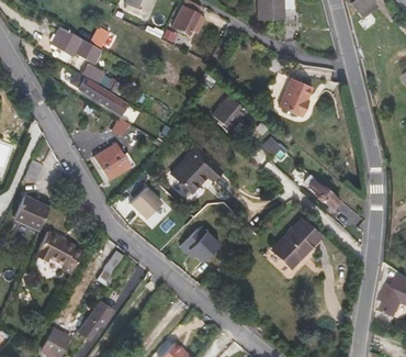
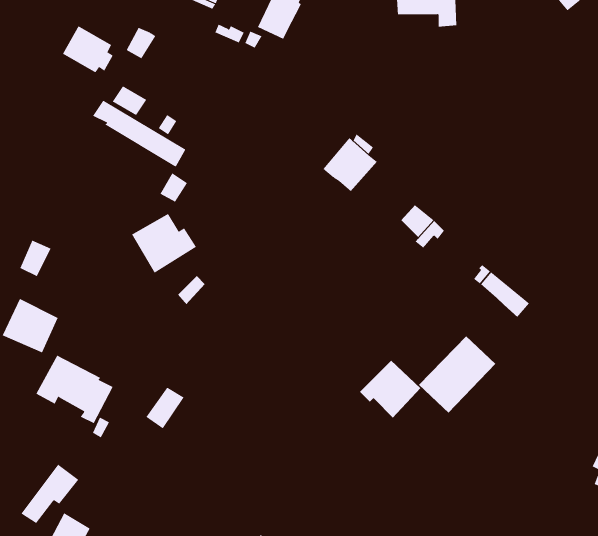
building: [283,83,316,122] -> none
building: [170,147,219,192] -> none
building: [128,187,159,217] -> none
building: [180,226,218,263] -> [359,360,421,418]
building: [77,301,113,338] -> [21,464,79,524]

